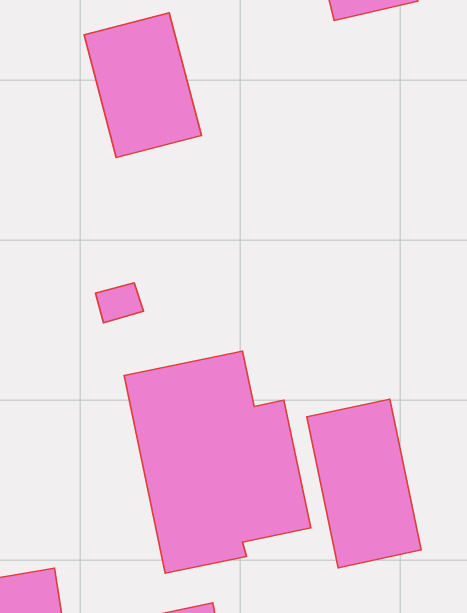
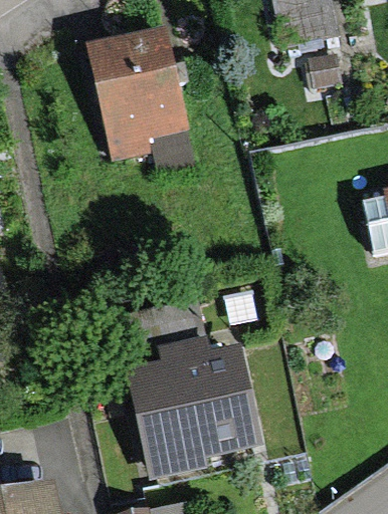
building: [307,399,421,568] -> none

